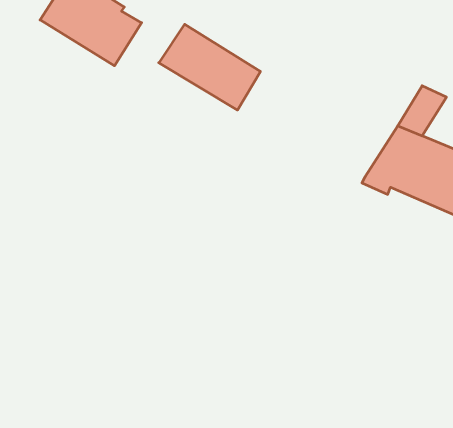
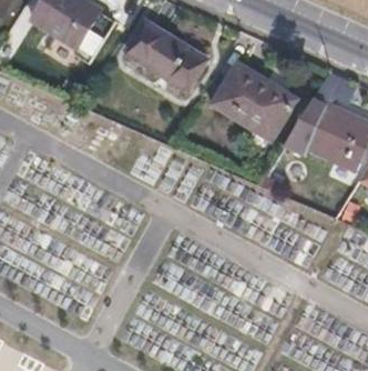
building: none -> [212,61,297,140]

